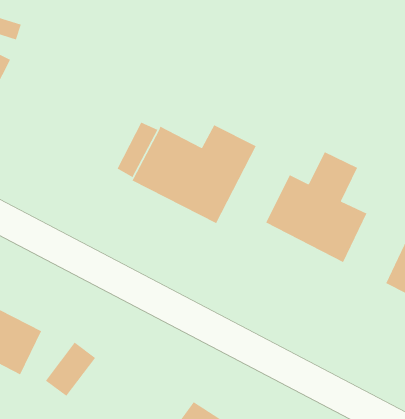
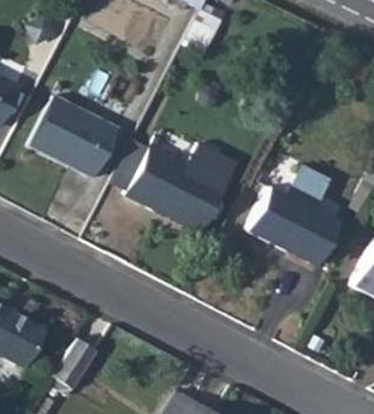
building: none -> [32,96,120,178]

